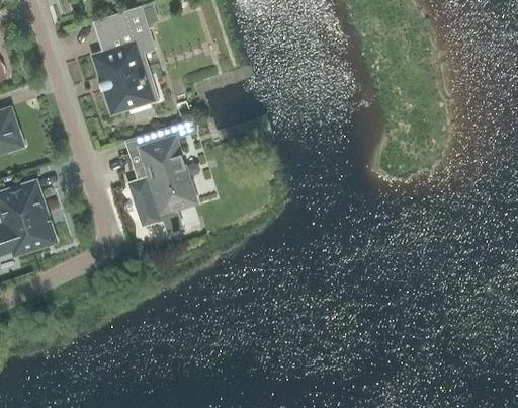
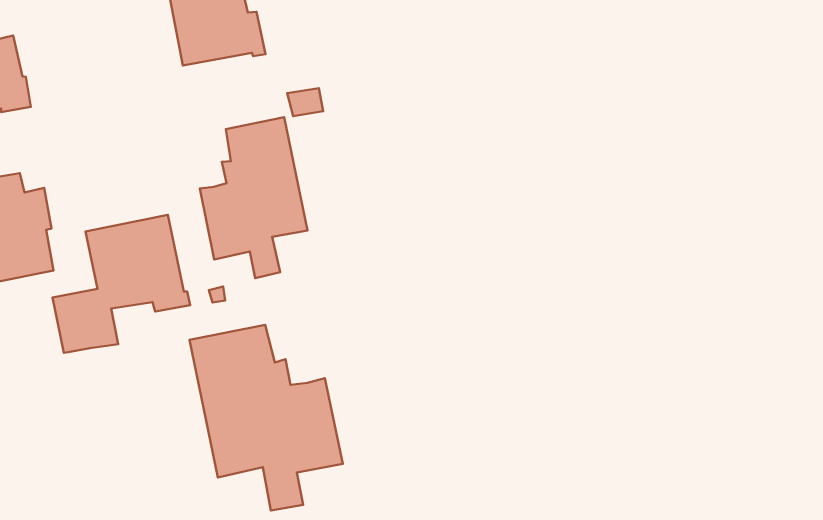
building: none -> [53,215,190,353]
building: none -> [189,325,343,511]

